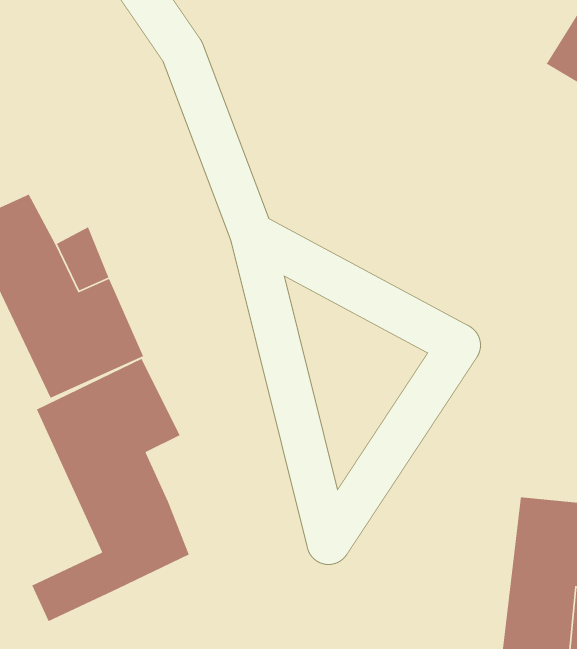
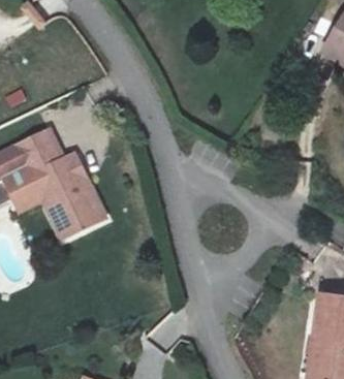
building: [31,358,190,622] -> none

